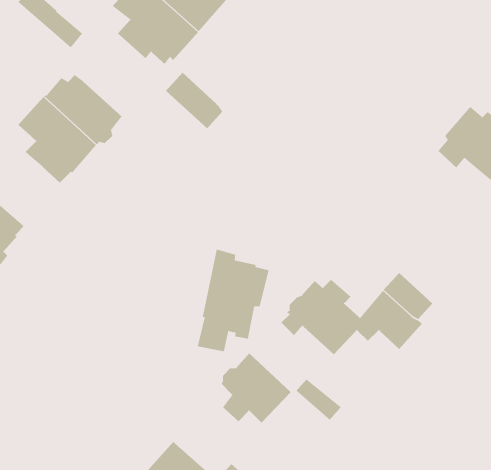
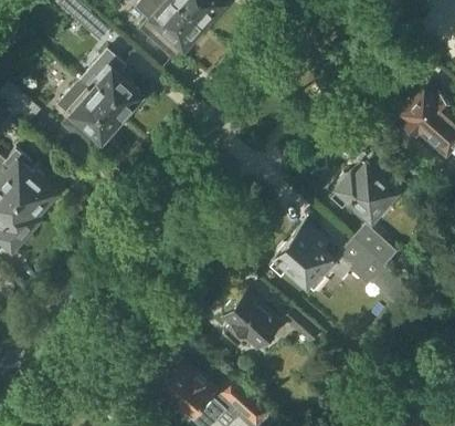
building: [165,72,223,129] -> none
building: none -> [330,155,398,219]
building: [197,249,269,352] -> none

